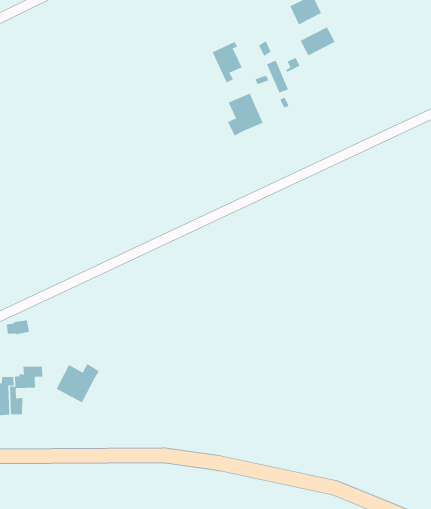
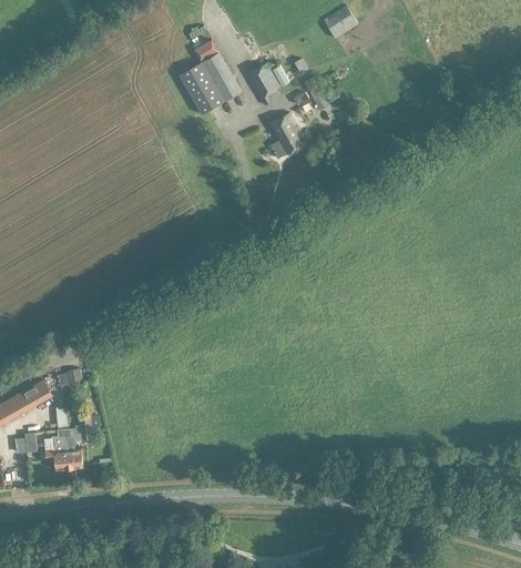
building: none -> [178,39,243,114]
building: [300,27,336,56] -> none
building: [56,363,100,403] -> none

